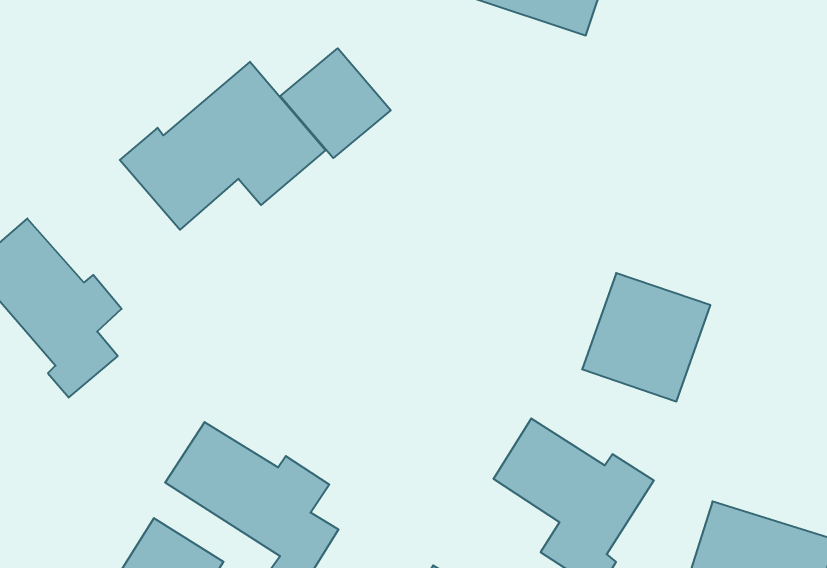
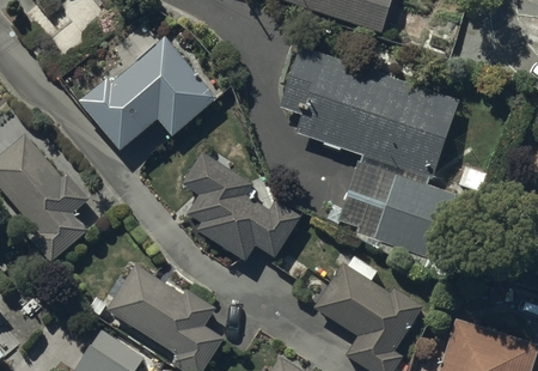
building: [280,48,391,158] -> none
building: none -> [282,48,457,177]
building: none -> [187,158,295,257]

